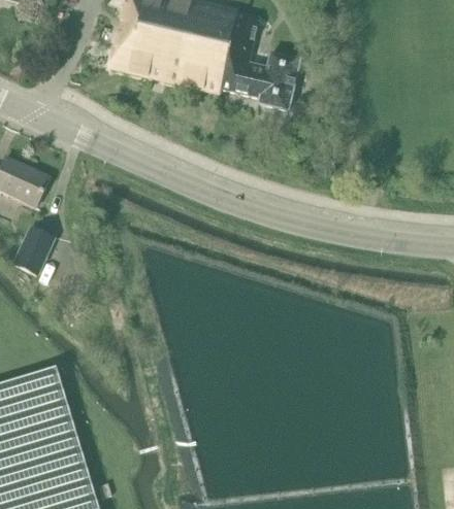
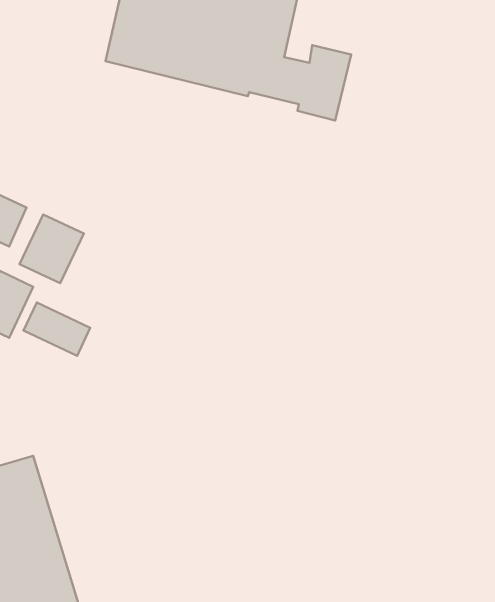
building: none -> [20,215,84,283]
building: none -> [24,302,90,356]

